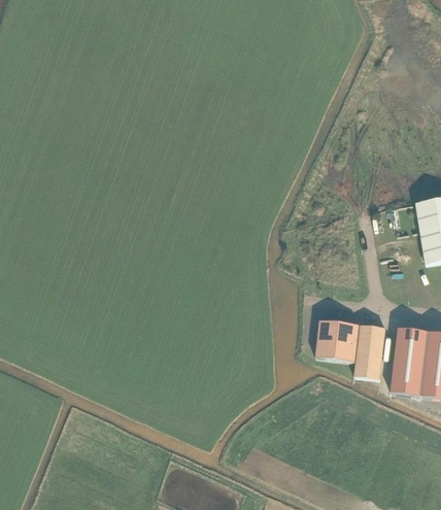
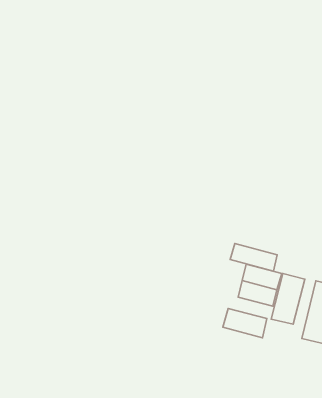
building: none -> [230,244,277,271]
building: none -> [223,308,267,338]

